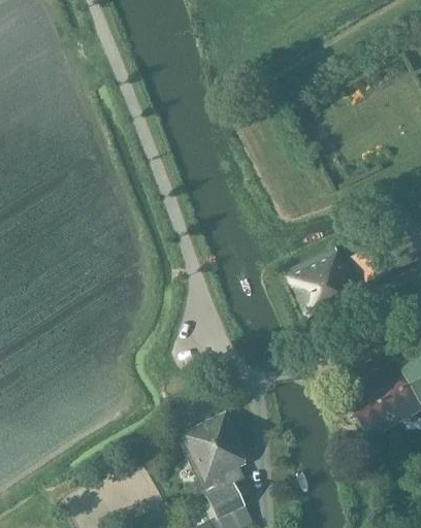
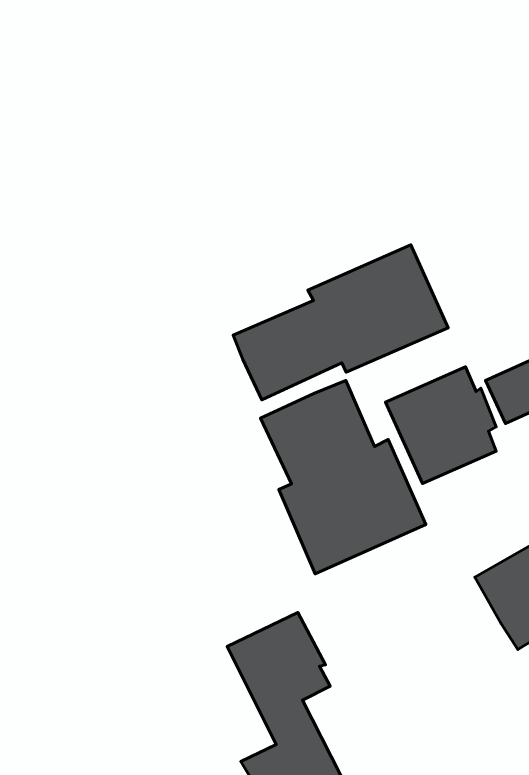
building: none -> [233,245,448,400]
building: none -> [260,380,426,574]

